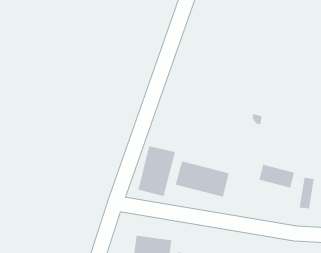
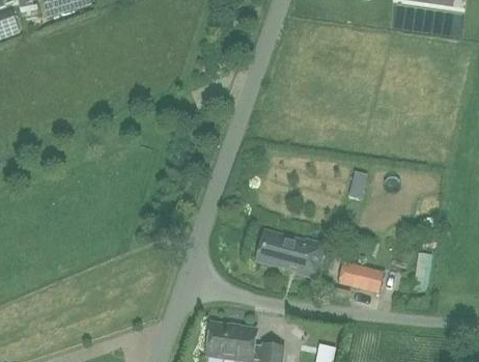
building: [138,145,175,197] -> none
building: [258,164,295,188] -> [338,257,384,287]

